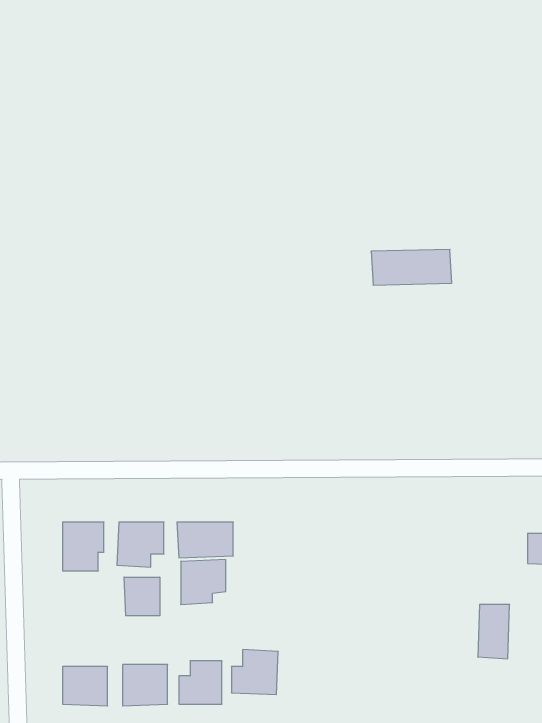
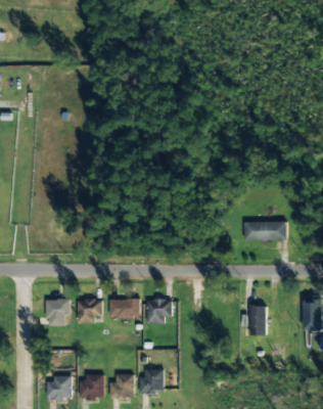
building: [371,249,452,285] -> [243,221,287,240]
building: [181,560,226,605] -> [147,299,172,323]
building: [124,577,160,616] -> none
building: [478,604,510,659] -> [249,306,267,335]

